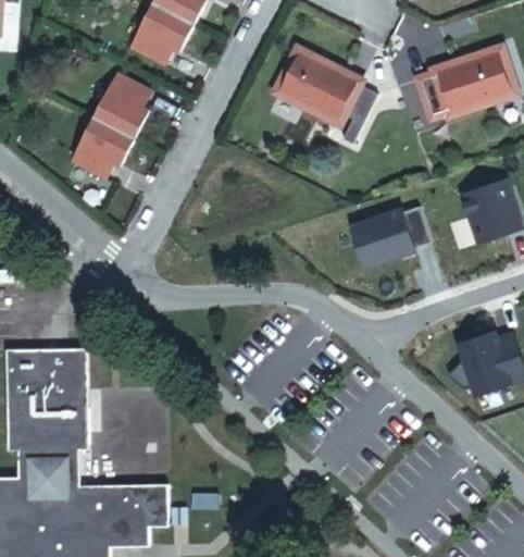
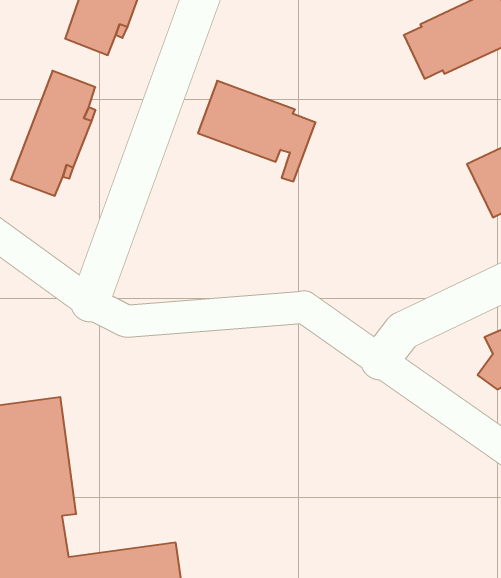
building: [276,48,377,141] -> [198,81,316,181]
building: [349,206,428,268] -> none

